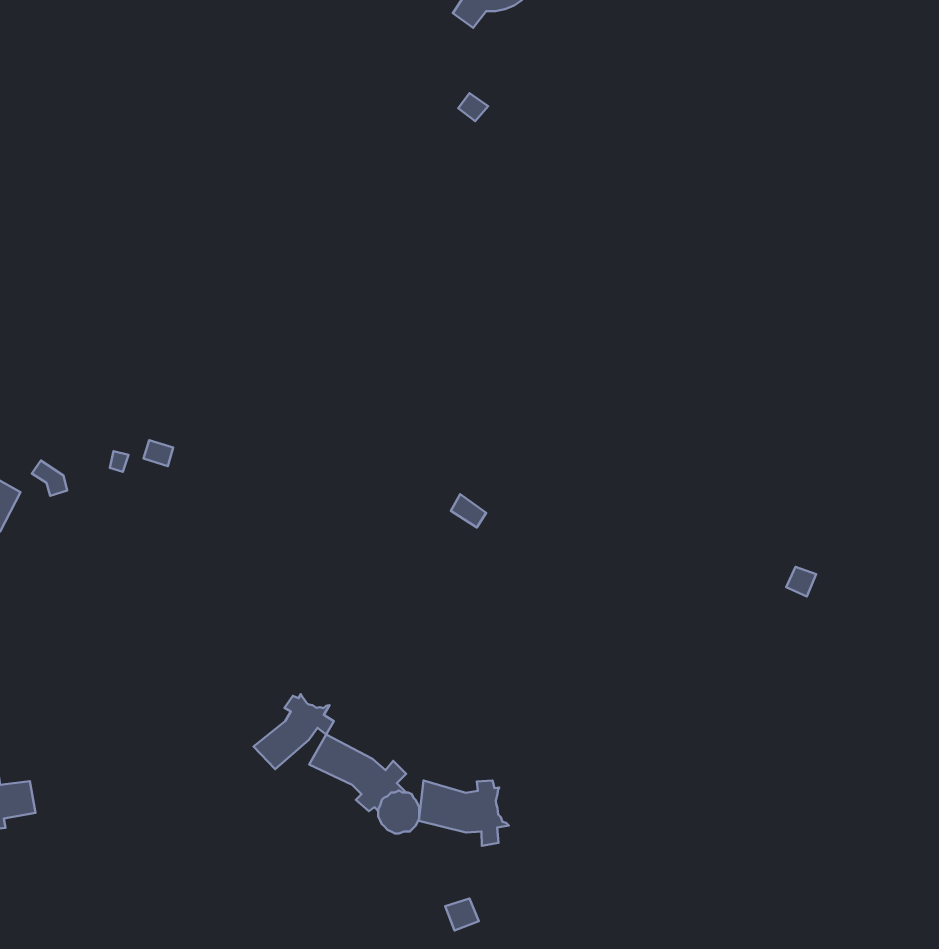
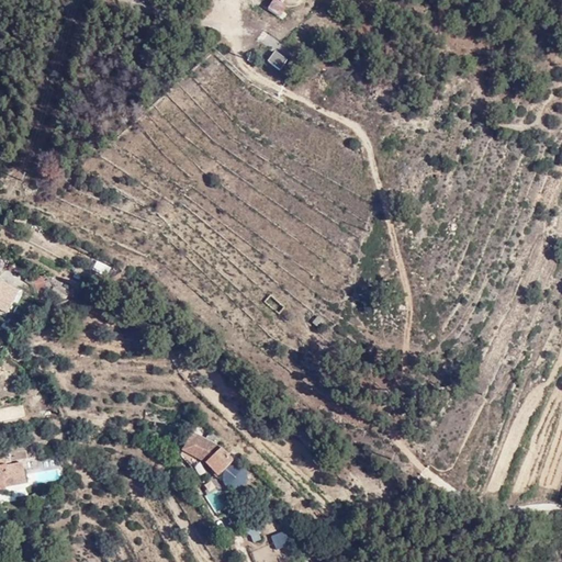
building: [253,694,334,769] -> none
building: [419,780,509,846] -> none

